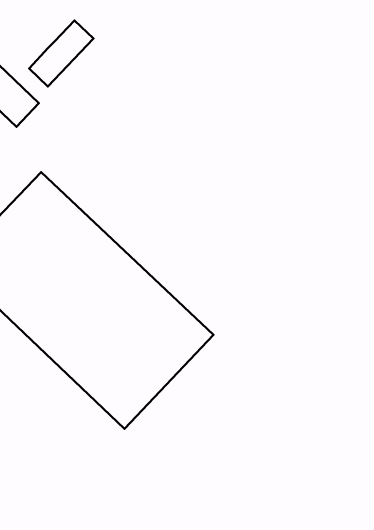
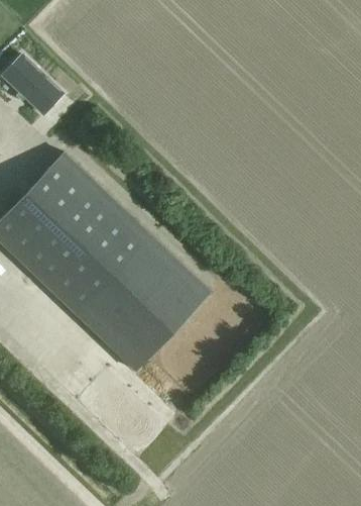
building: [29,21,94,87] -> none

